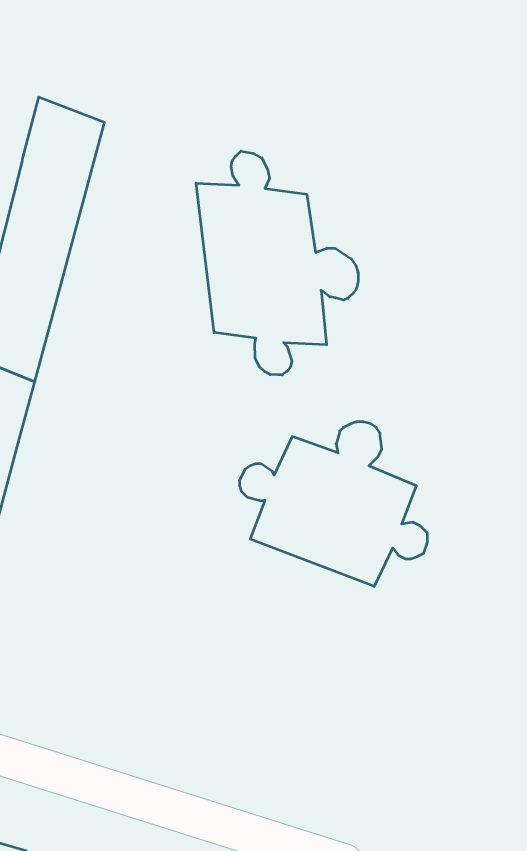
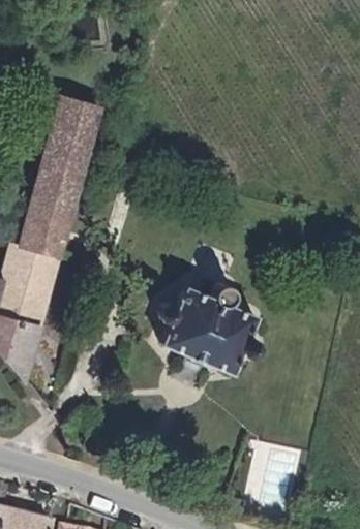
building: [196,151,358,375] -> none

